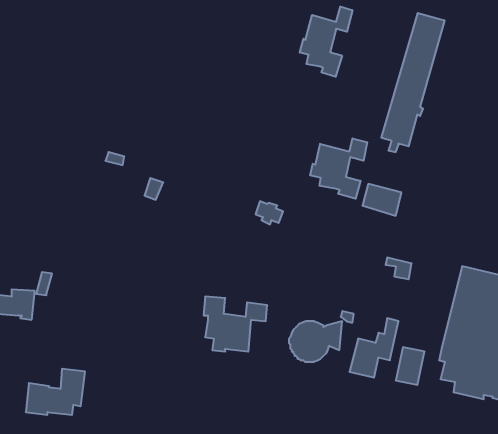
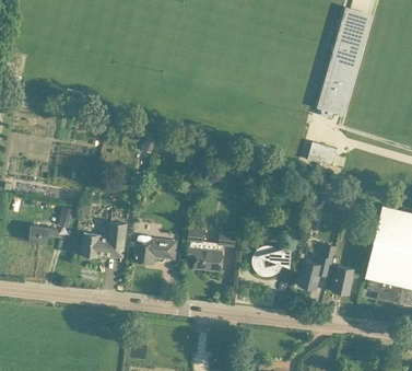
building: [300,7,352,77] -> none
building: [310,138,367,199] -> none
building: none -> [133,235,175,264]
building: [26,369,85,415] -> [81,222,126,257]

